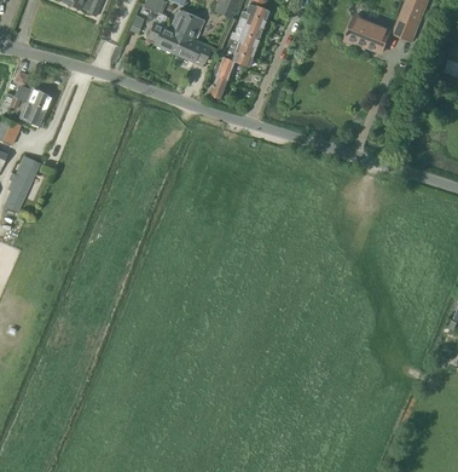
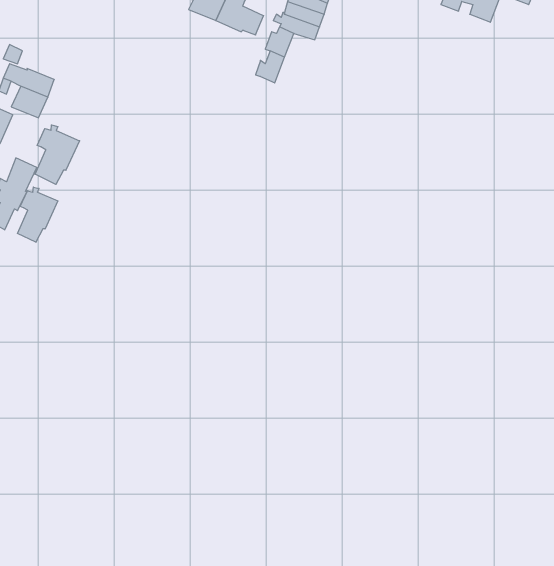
building: none -> [35,125,80,184]
building: none -> [18,187,58,242]

